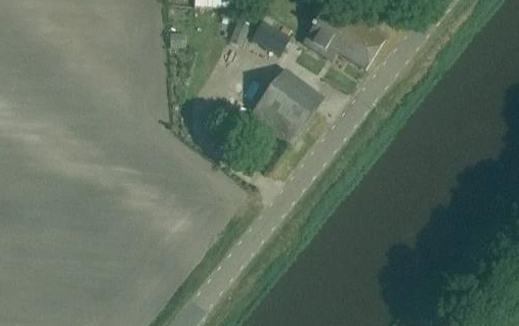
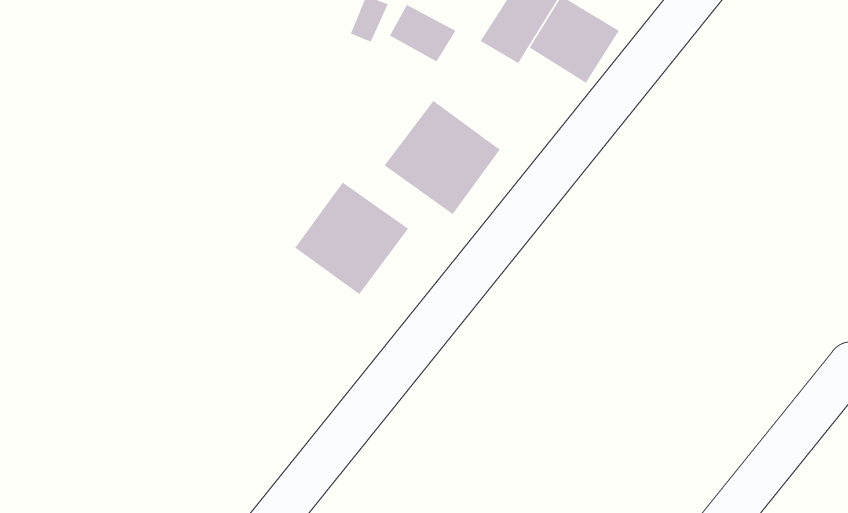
building: none -> [294,181,409,295]

